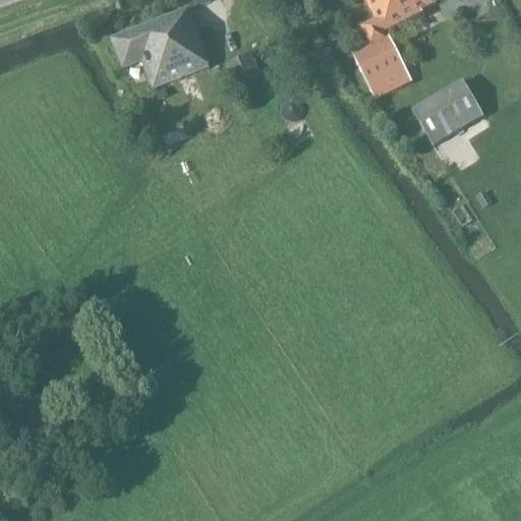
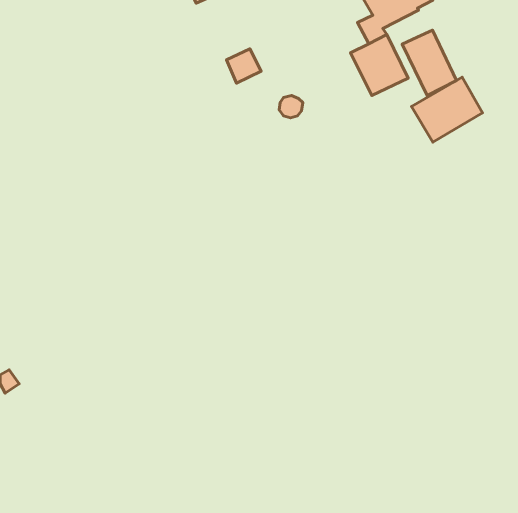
building: [110,7,208,88] -> none
building: none -> [402,30,457,95]

